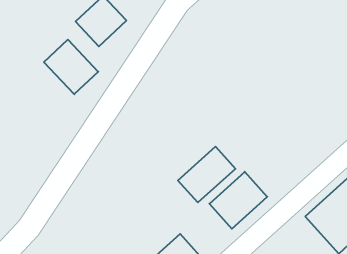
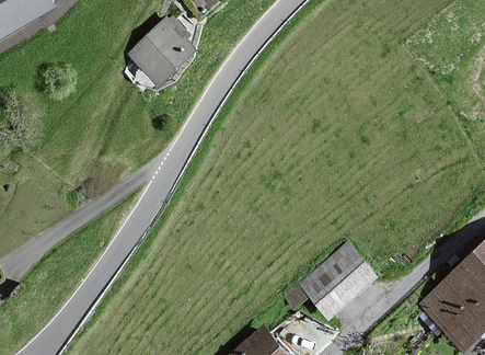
building: [44,40,98,94] -> none
building: [178,147,235,202] -> none

